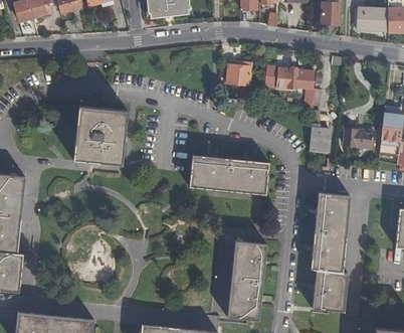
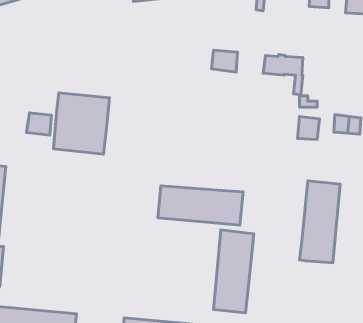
building: none -> [27,113,52,135]
building: [186,156,268,194] -> [158,186,243,225]
building: [313,270,348,311] -> none

